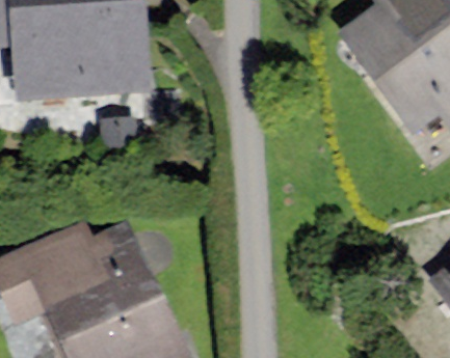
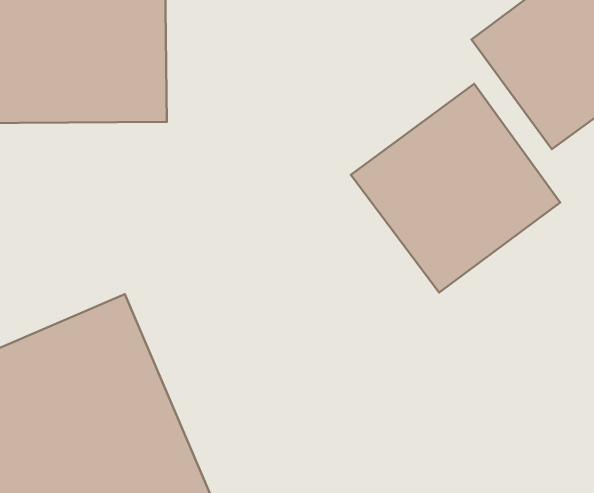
building: none -> [351,84,560,292]

